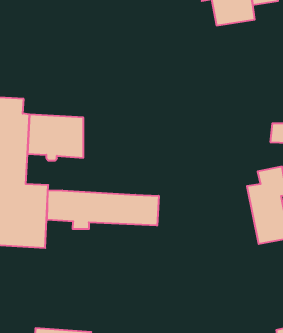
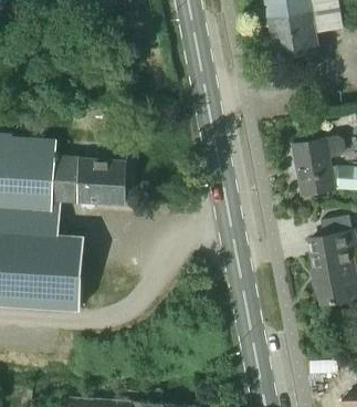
building: none -> [291,137,344,196]
building: [47,190,159,229] -> none

